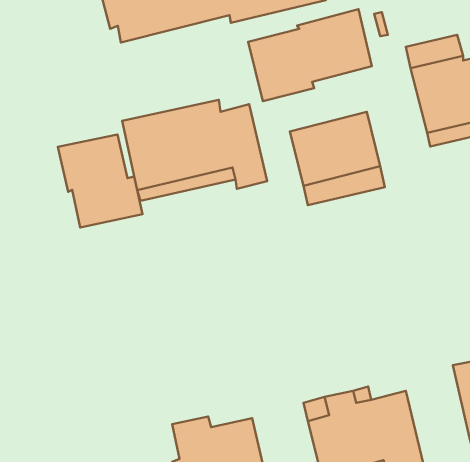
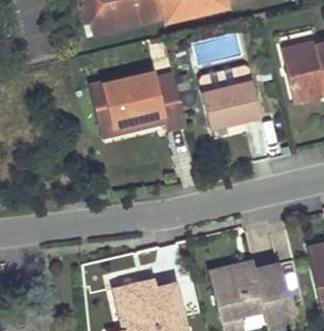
building: [248,9,372,101] -> none
building: [58,134,143,227] -> none

